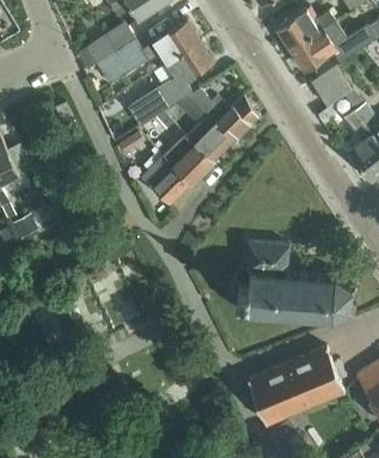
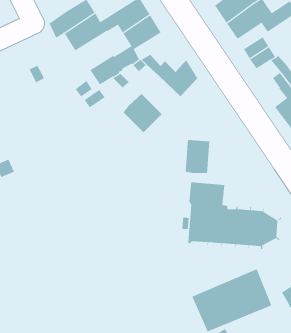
building: [189,115,236,160] -> none
building: [143,158,191,206] -> none
building: none -> [185,139,210,174]

